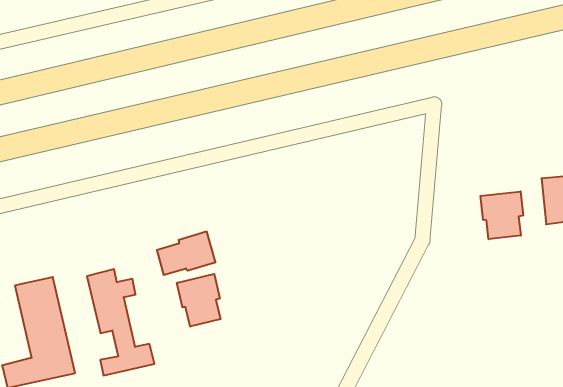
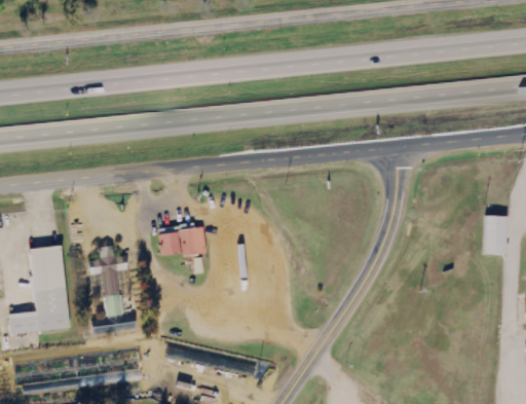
building: [481,191,523,239] -> none
building: [177,274,220,327] -> none

